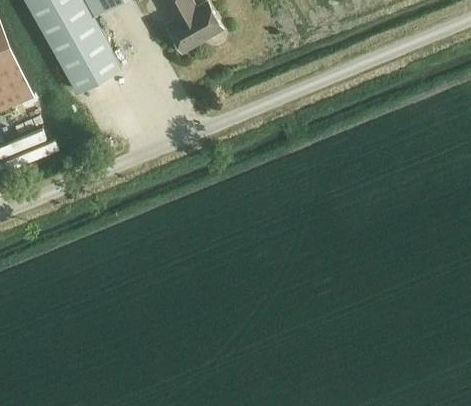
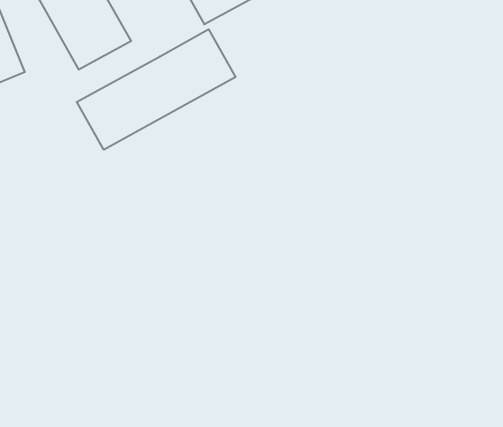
building: none -> [77,29,236,150]

